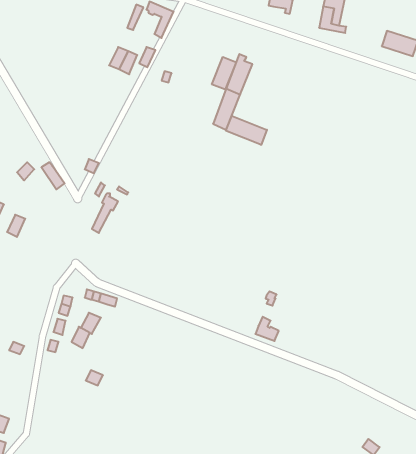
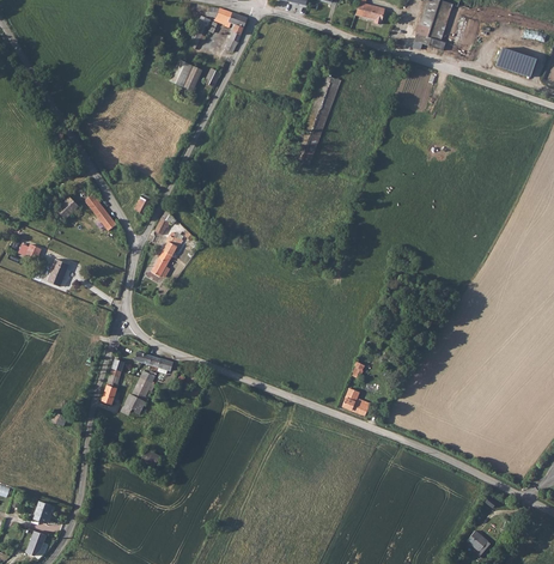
building: [212,57,236,90] -> none
building: [226,116,267,145] -> none

